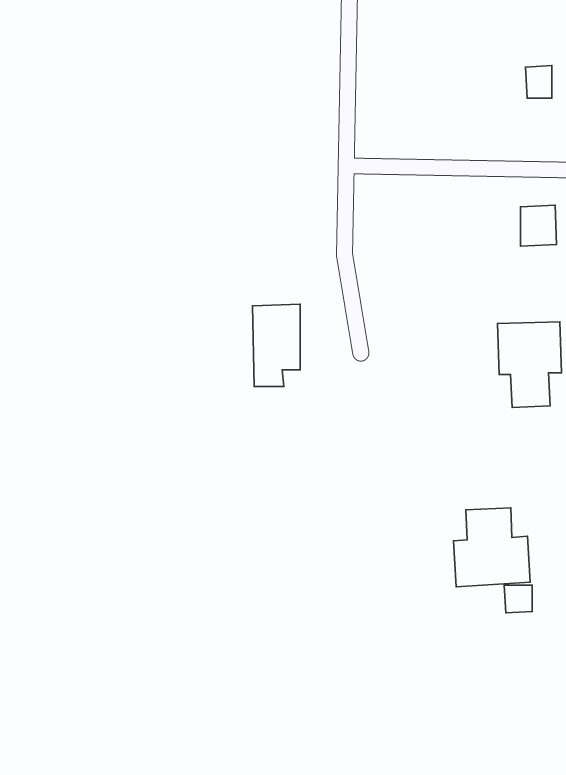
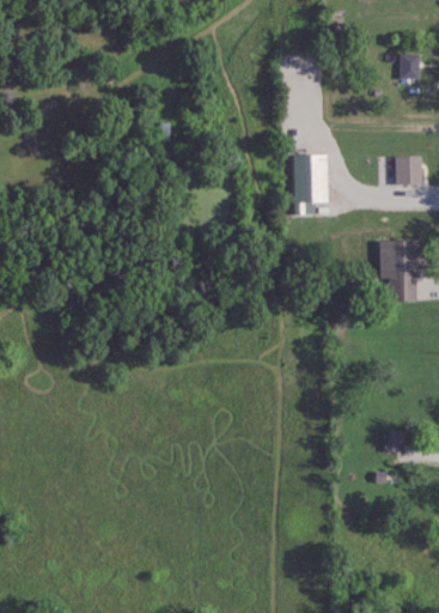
building: [253,304,300,386] -> [293,154,328,214]
building: [453,508,530,587] -> none

